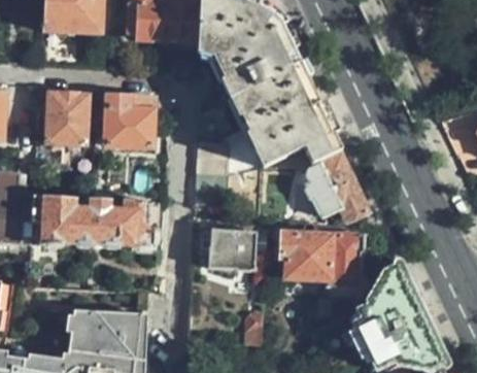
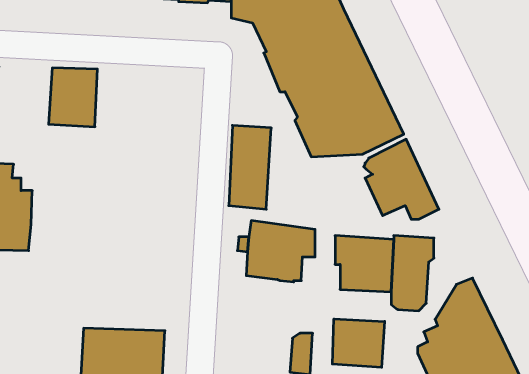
building: [97,95,155,145] -> none
building: [32,194,159,248] -> none
building: none -> [332,319,385,367]

